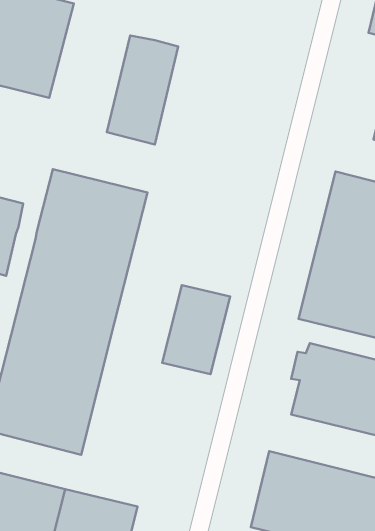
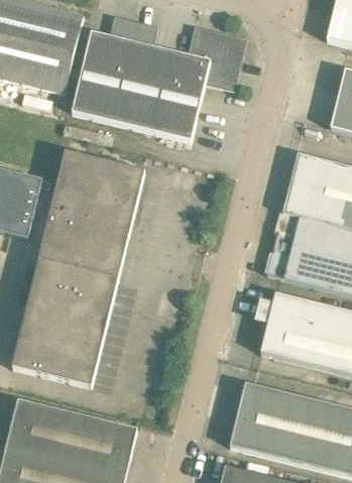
building: none -> [71,17,155,121]
building: none -> [150,27,244,140]
building: [162,285,230,374] -> none

